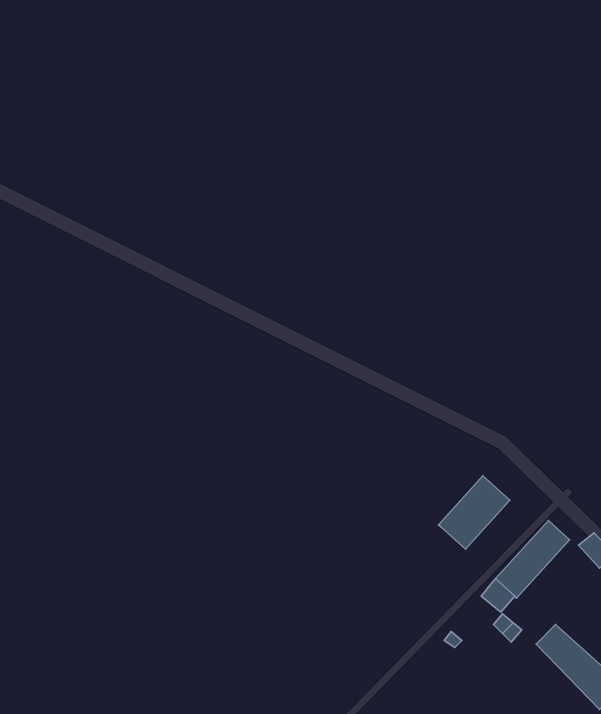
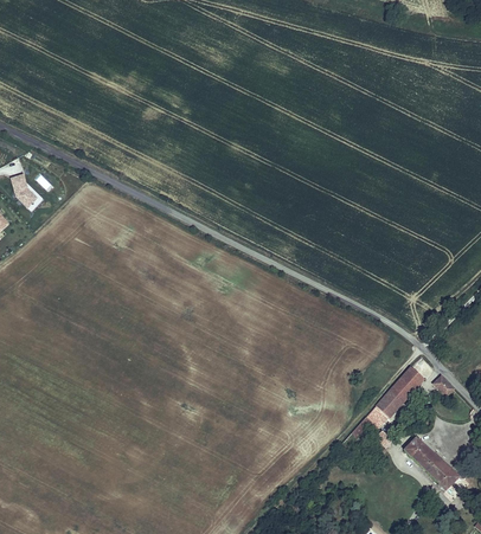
building: [438,476,510,549] -> none

